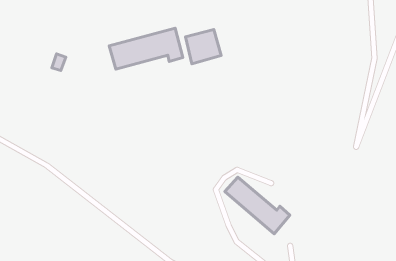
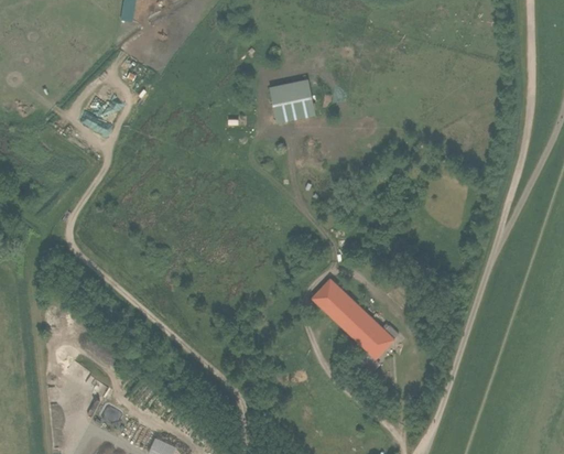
building: [109,28,183,69] -> none

